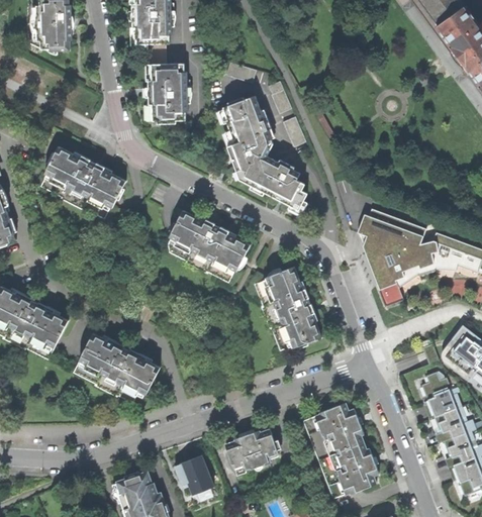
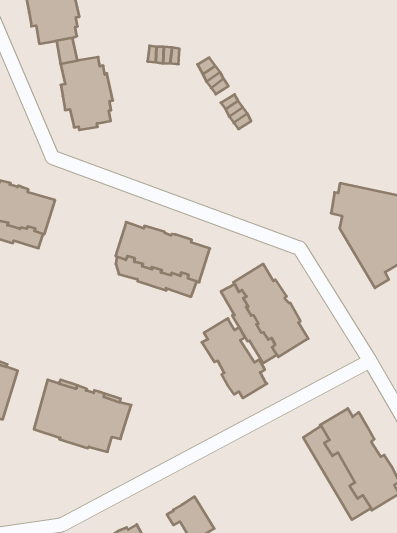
building: [224,95,308,209] -> none
building: none -> [202,318,267,398]
building: [225,428,281,470] -> none

